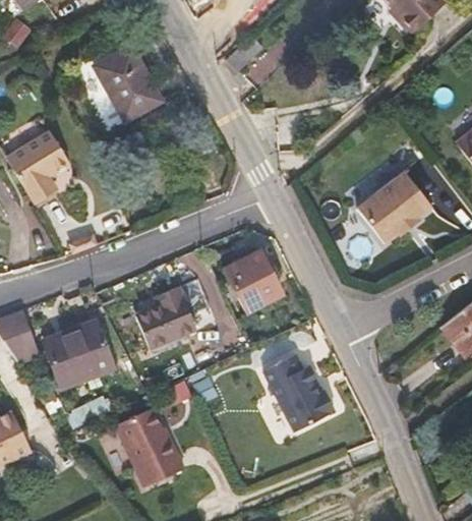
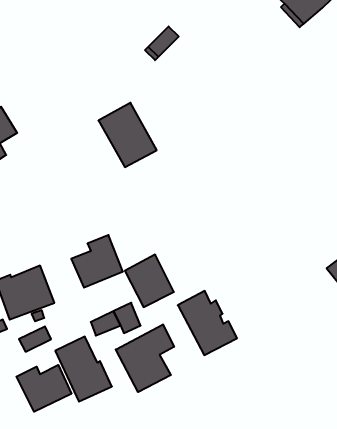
building: [93,44,163,121] -> [98,103,157,167]
building: [358,172,432,244] -> none
building: [223,249,282,312] -> [125,255,174,307]
building: none -> [116,324,174,392]
building: none -> [16,365,71,412]

